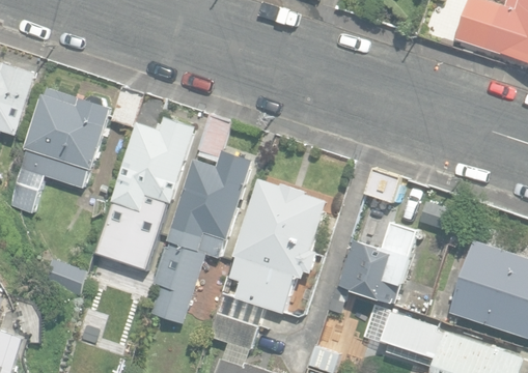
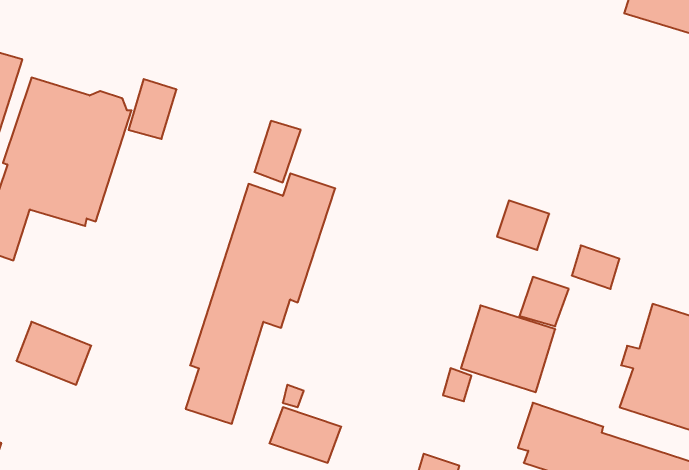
building: [100,94,196,245] -> none
building: [228,174,325,309] -> none

